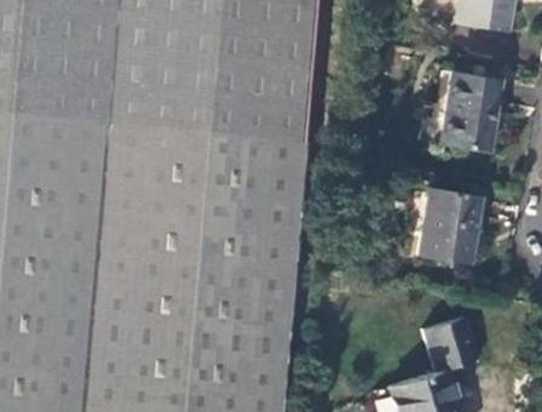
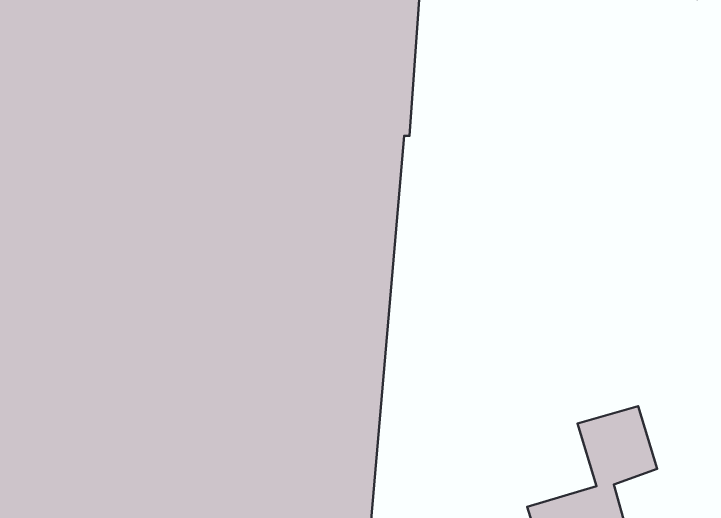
building: [442,71,501,148] -> none
building: [419,187,482,264] -> none

